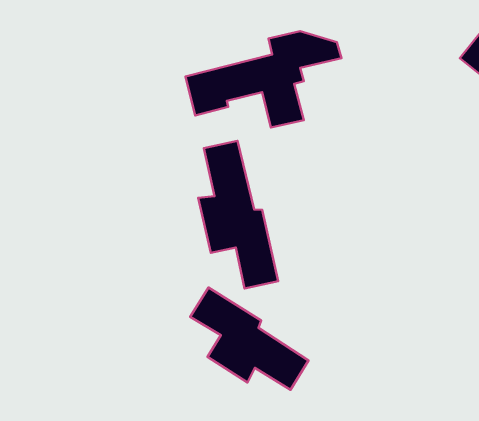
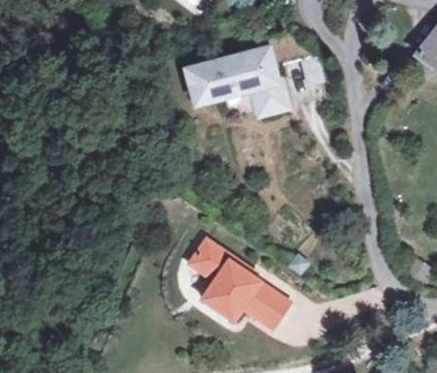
building: [198,141,278,289] -> none

